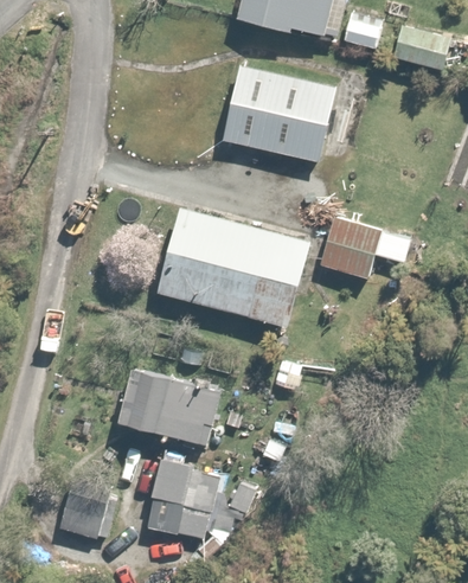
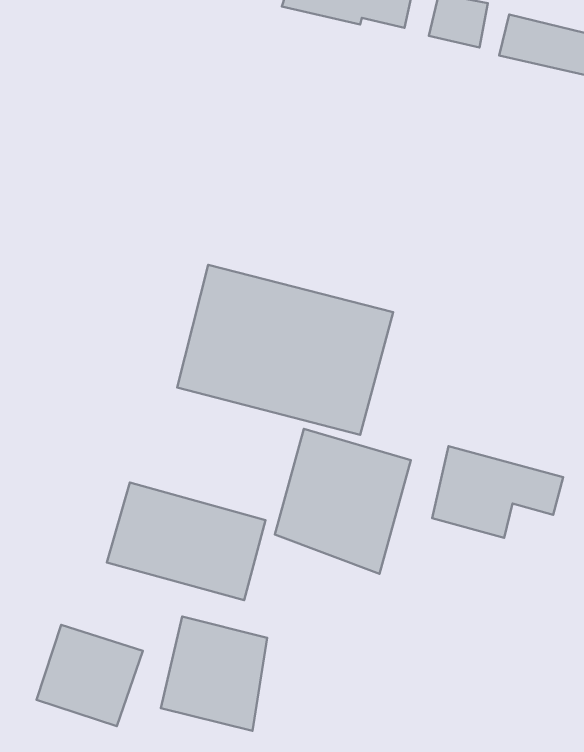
building: [222,66,338,160] -> none
building: [318,214,412,281] -> [432,446,563,538]
building: none -> [275,429,411,574]

